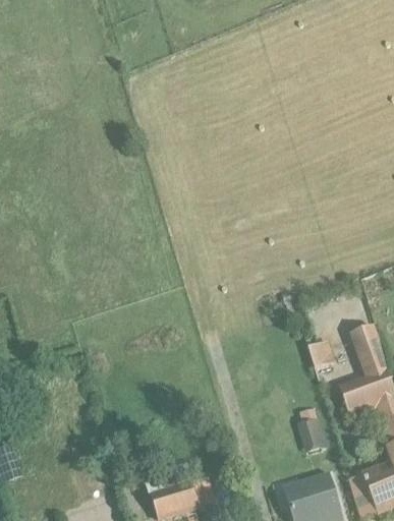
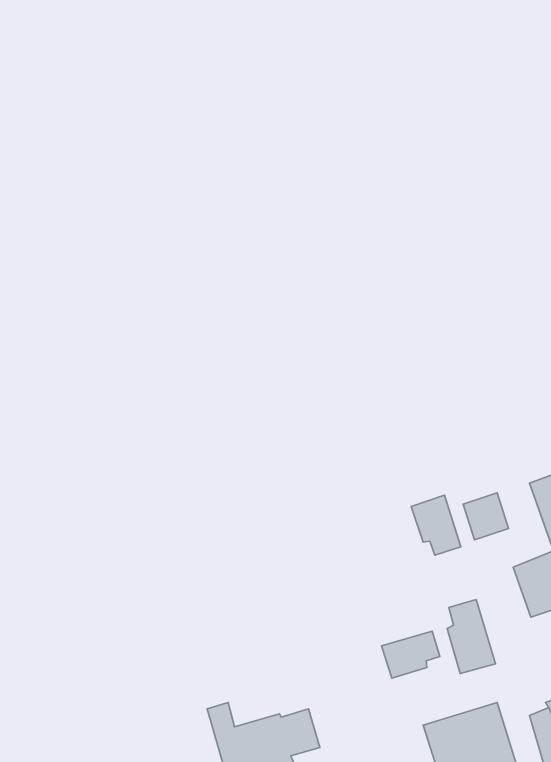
building: none -> [411,495,461,555]
building: none -> [382,631,440,678]

